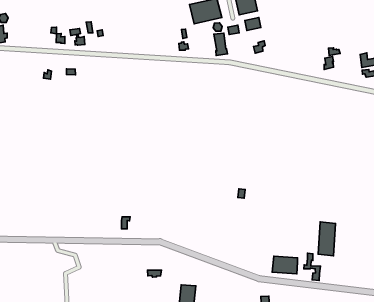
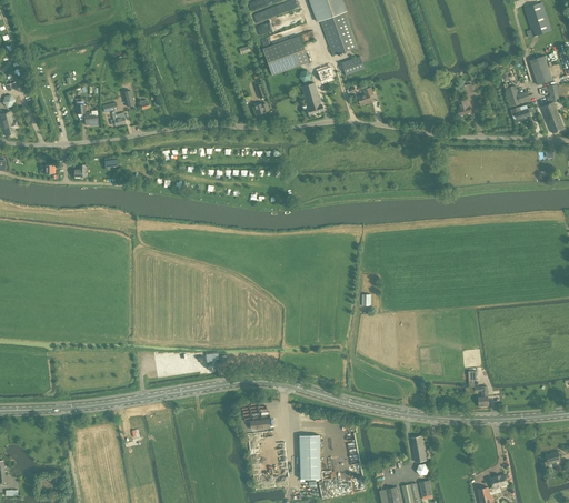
building: [318,222,336,256] -> none
building: [272,256,298,274] -> none

